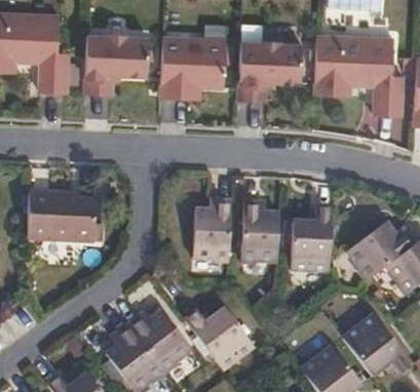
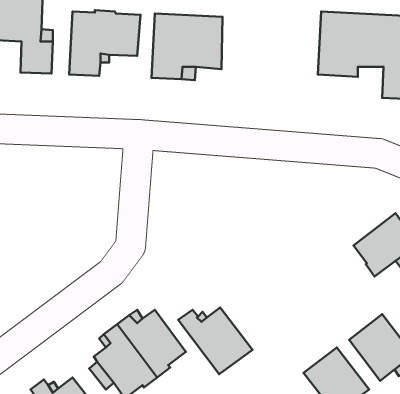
building: [238,40,302,100] -> none
building: [28,193,96,241] -> none
building: [193,199,231,261] -> none
building: [241,201,279,263] -> none
building: [291,207,332,271] -> none

